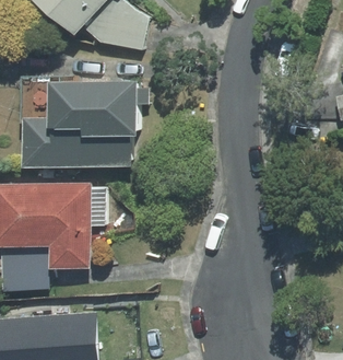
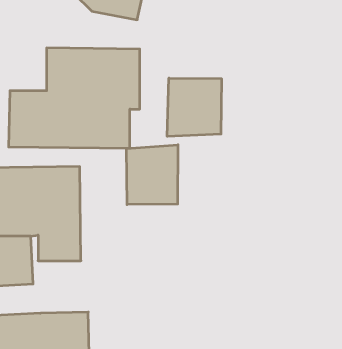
building: none -> [167,78,221,136]
building: none -> [126,145,178,205]

